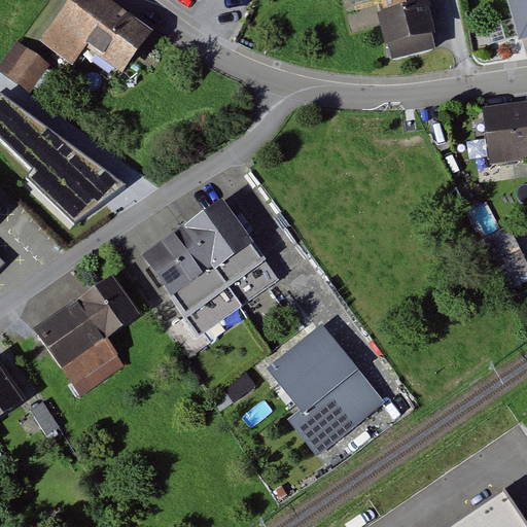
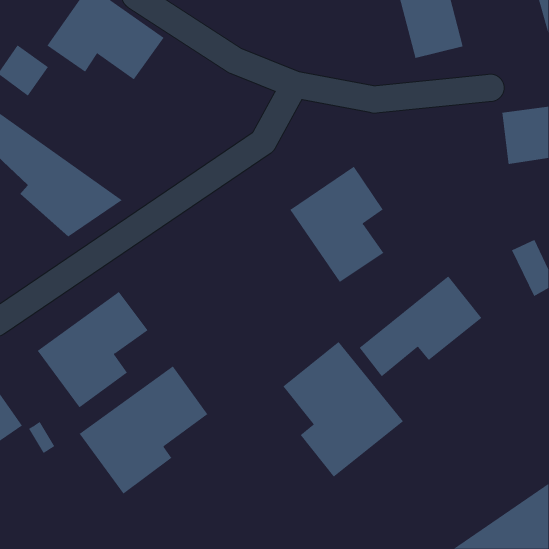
building: none -> [289,166,384,283]
building: [145,201,278,332] -> none
building: none -> [359,275,482,377]
building: none -> [79,365,208,494]

